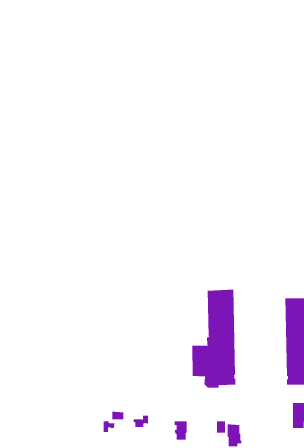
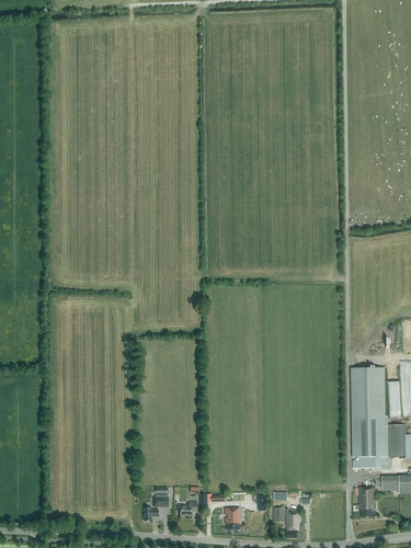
building: [192,289,236,389] -> none

